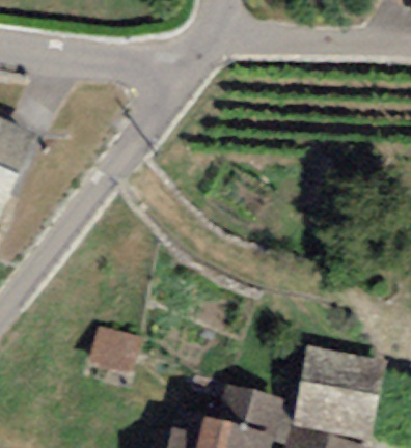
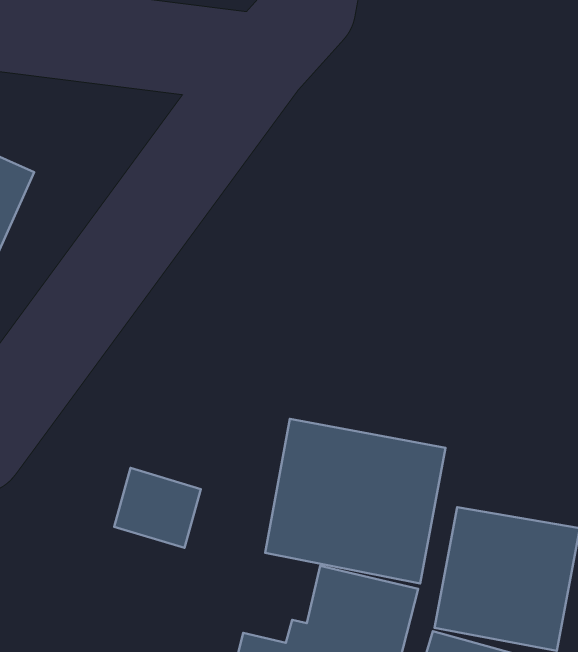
building: none -> [265,419,445,583]

